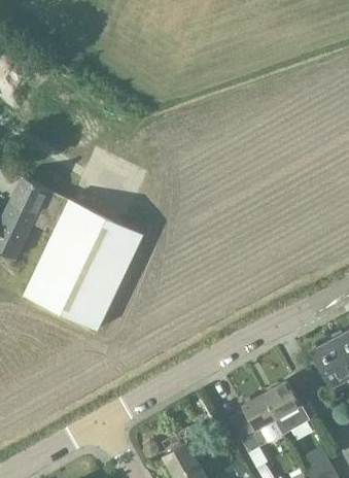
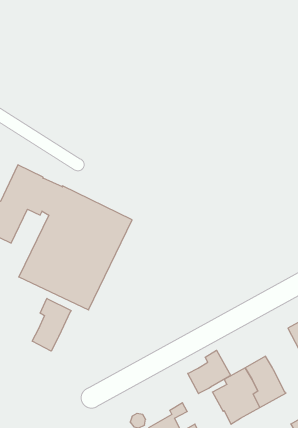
building: none -> [32,298,71,351]
building: none -> [188,350,231,394]

